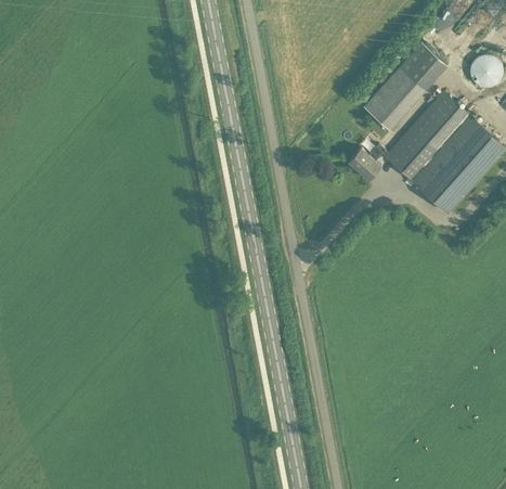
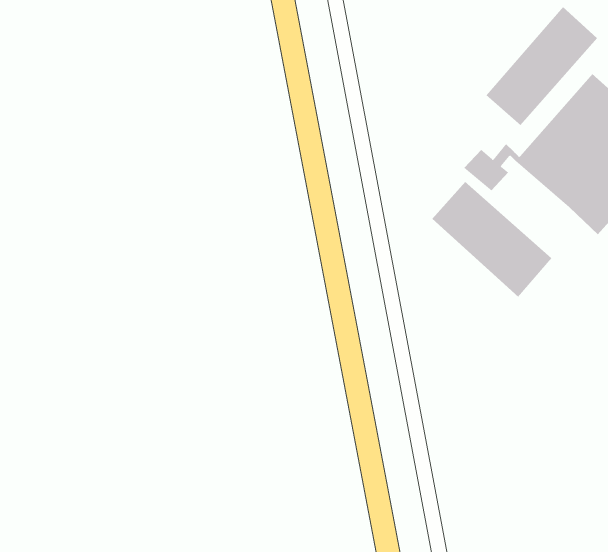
building: none -> [431,181,552,298]

